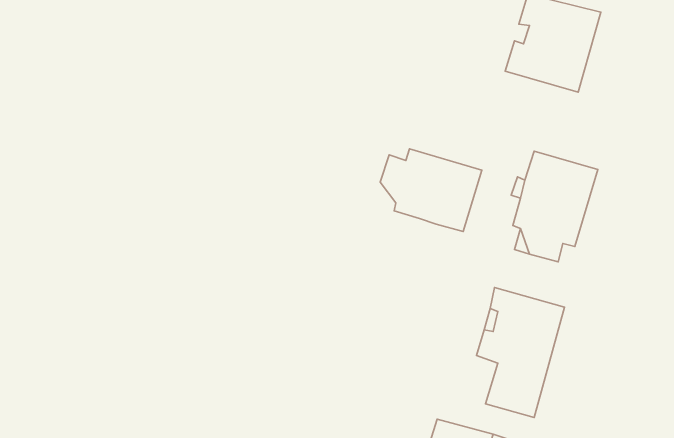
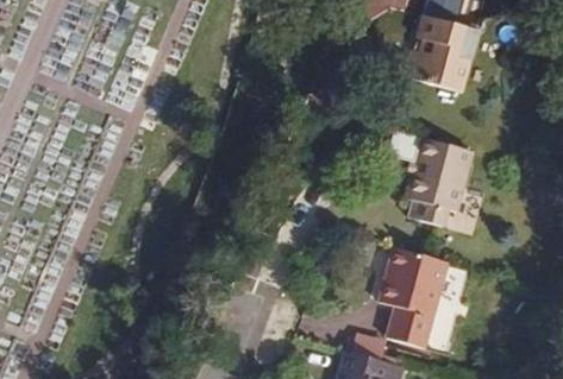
building: [380,149,482,232] -> none

